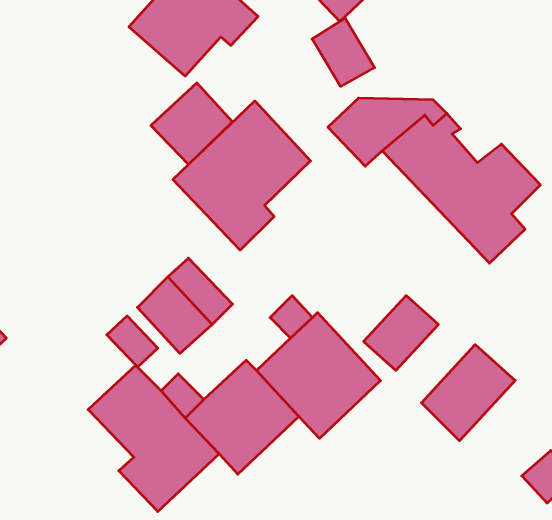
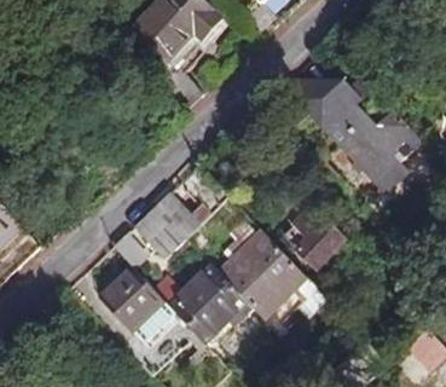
building: [312,18,375,86] -> none
building: [173,101,311,250] -> none
building: [421,345,515,441] -> none

